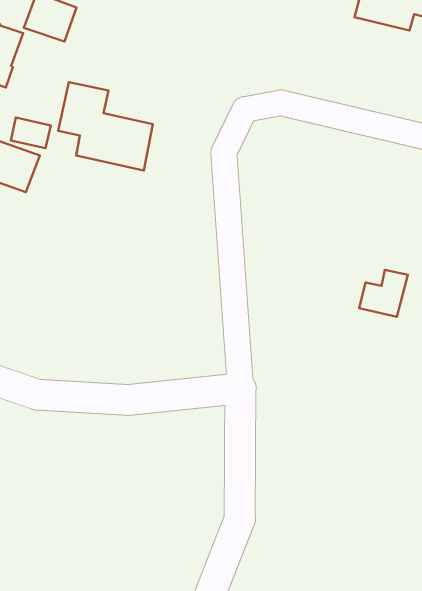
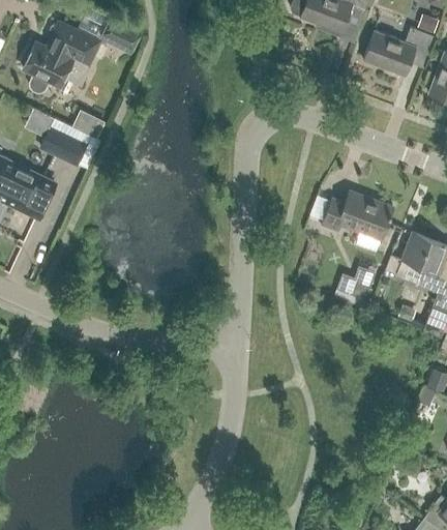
building: [58,82,153,170] -> none
building: none -> [321,192,392,239]

